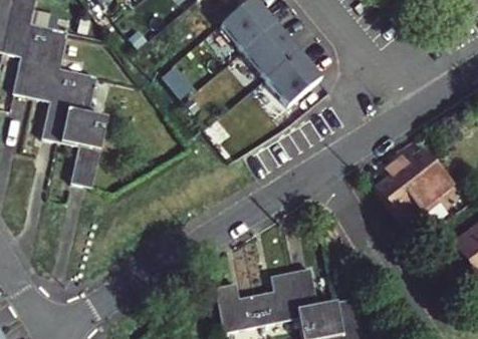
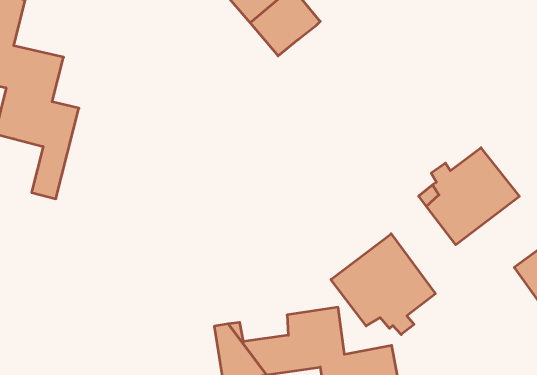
building: [264,48,319,102] -> none
building: none -> [331,234,435,335]

